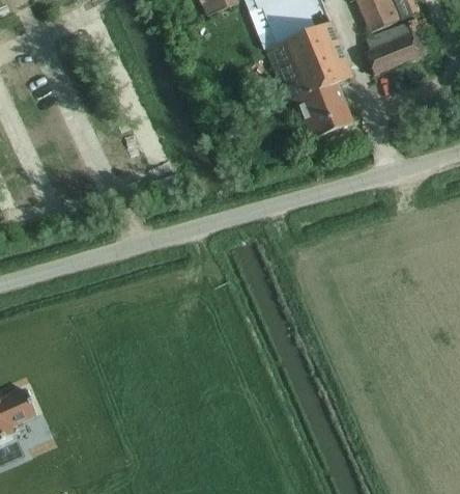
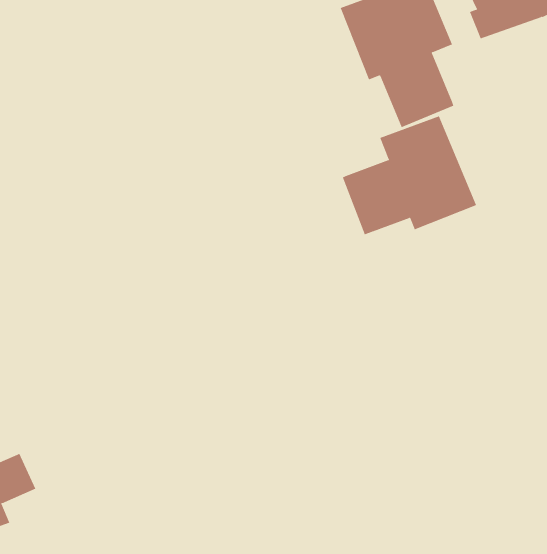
building: none -> [342,115,477,235]

